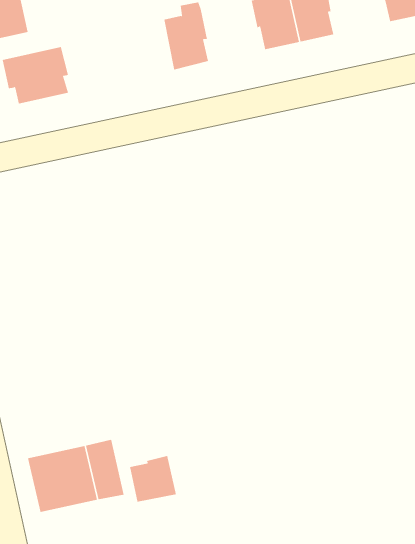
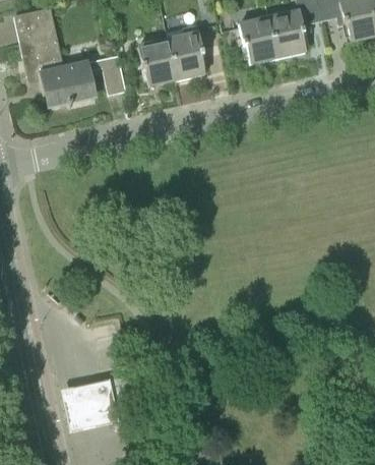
building: none -> [138,38,177,84]
building: none -> [101,59,125,94]
building: [130,455,176,502] -> none

